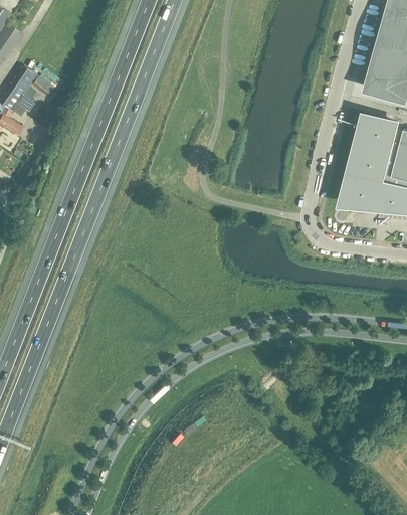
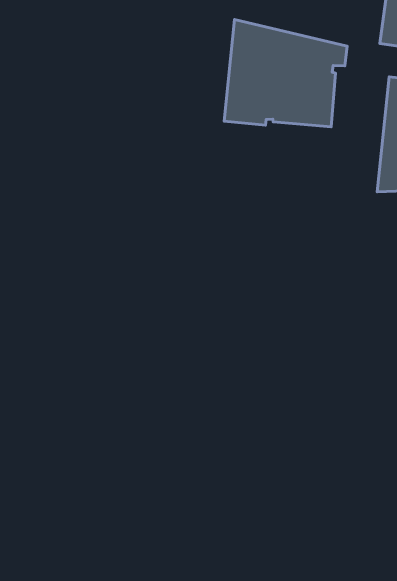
building: none -> [224,20,347,127]

